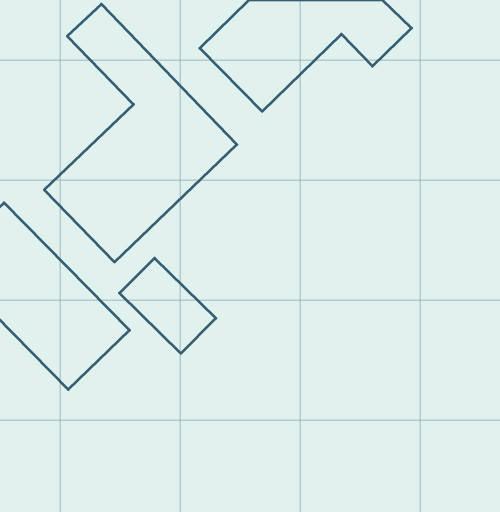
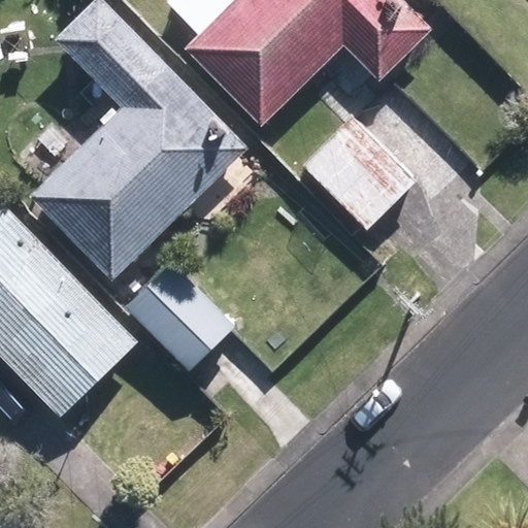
building: none -> [296,117,409,229]

